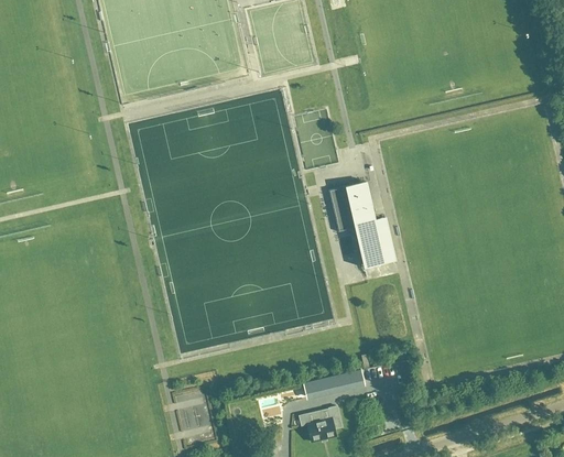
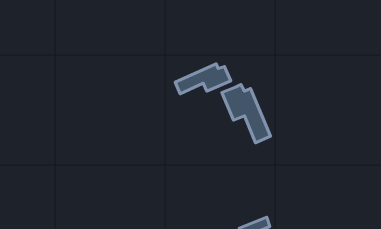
building: none -> [175,64,231,94]

